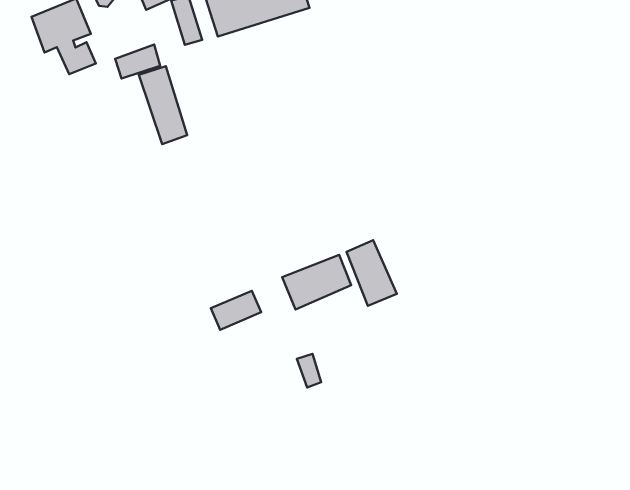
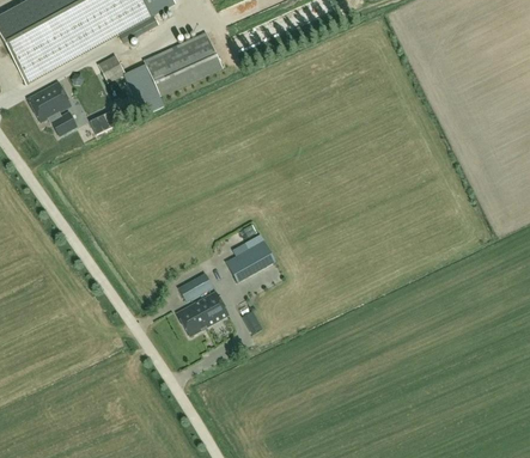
building: [139,66,187,144] -> none
building: [347,240,397,306] -> none
building: none -> [176,288,230,335]

